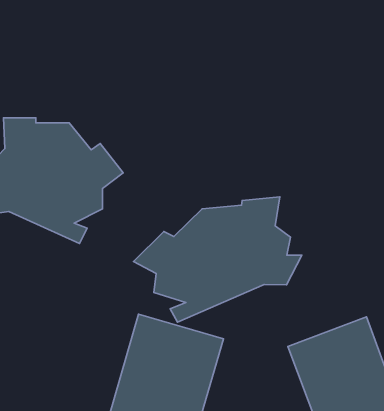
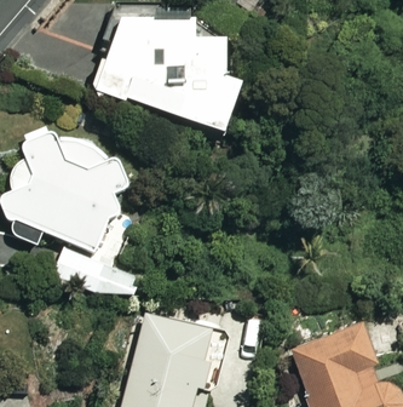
building: none -> [94,23,249,136]
building: [134,197,302,322] -> none

